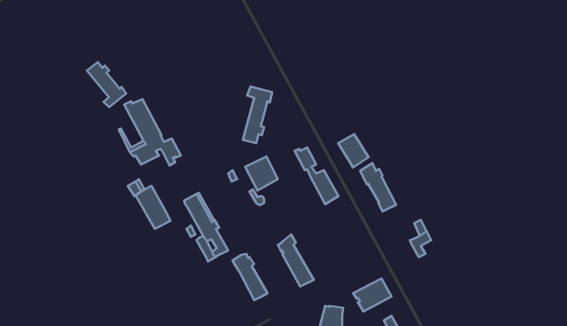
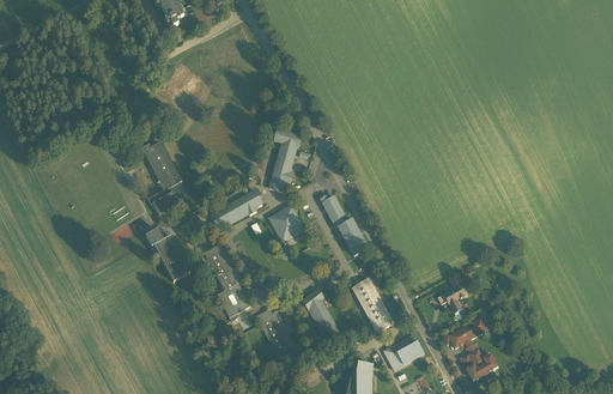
building: [87,62,126,107] -> none
building: [338,134,368,168] -> none
building: none -> [212,192,261,230]
building: [360,163,396,212] -> [353,280,392,332]
building: none -> [448,316,498,380]

